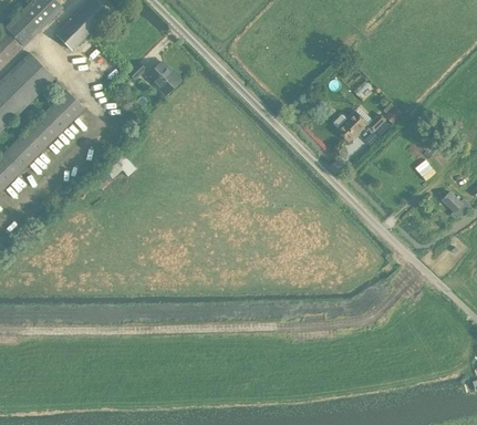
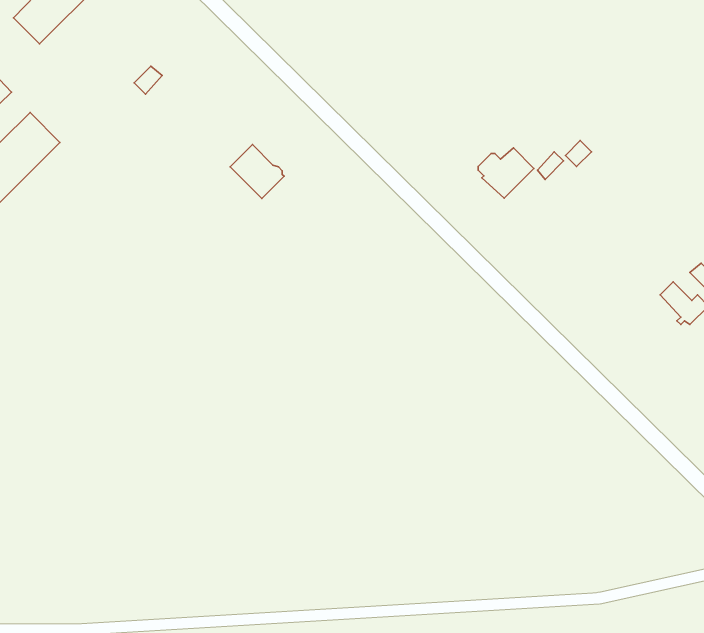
building: [146,62,178,94] -> [230,145,284,199]

